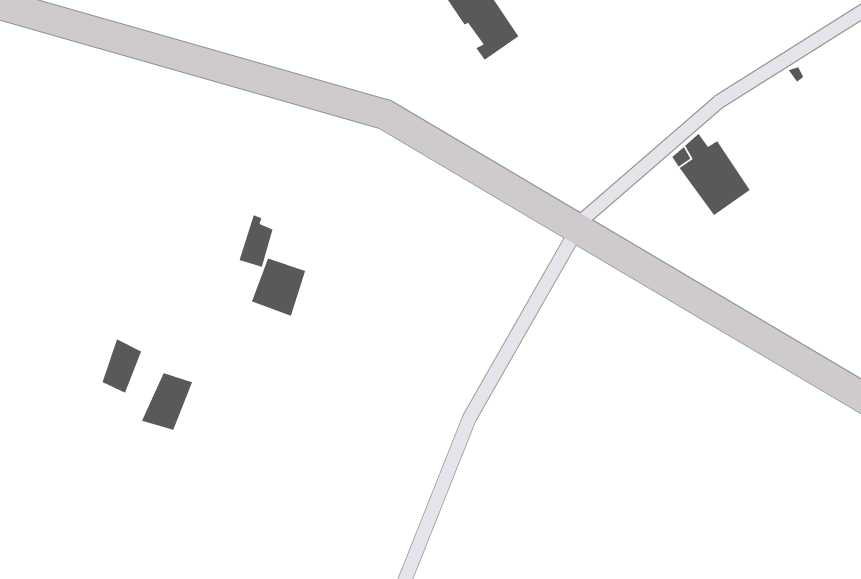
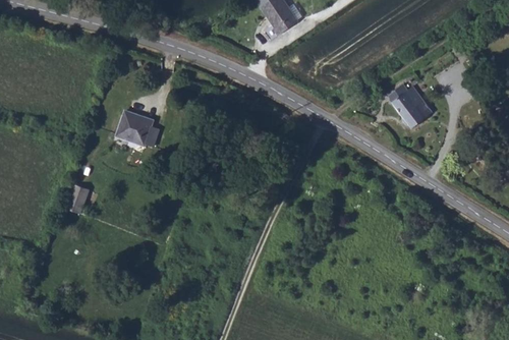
building: [251,258,306,317] -> [121,113,152,146]
building: [141,372,193,431] -> none

